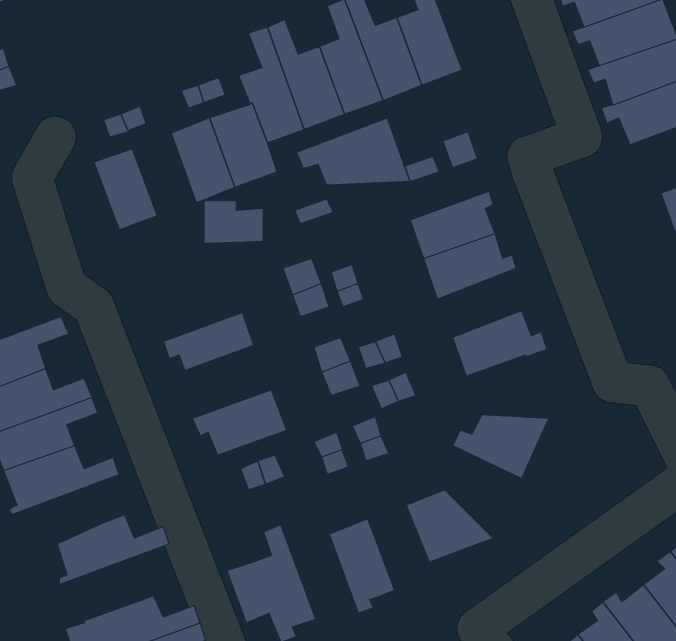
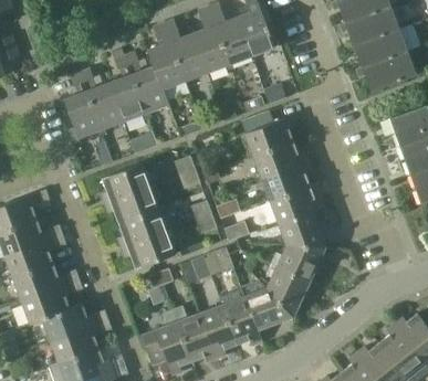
building: [297,118,410,185] -> none
building: none -> [86,84,123,131]
building: none -> [261,161,310,201]
building: none -> [101,163,149,203]
building: none -> [116,205,166,247]
building: none -> [278,211,325,247]
building: none -> [264,263,310,316]
building: none -> [17,279,83,325]
building: none -> [219,289,262,346]
building: none -> [171,305,216,362]
building: none -> [44,319,112,363]

